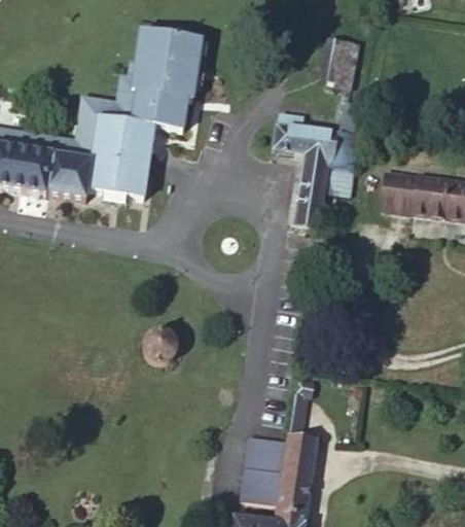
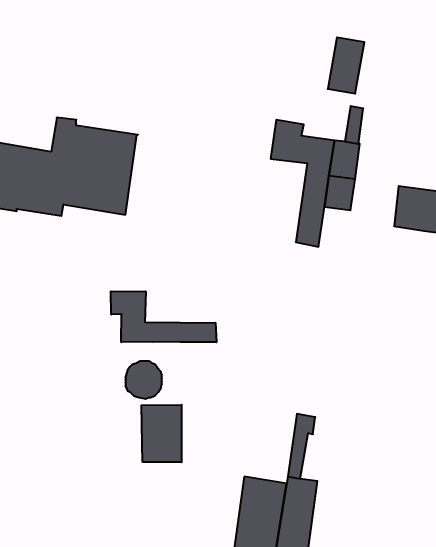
building: [81,31,202,132] -> none
building: none -> [111,291,216,342]
building: none -> [141,405,182,462]

